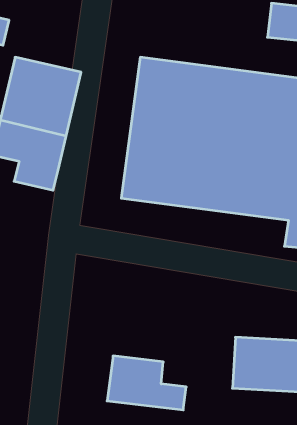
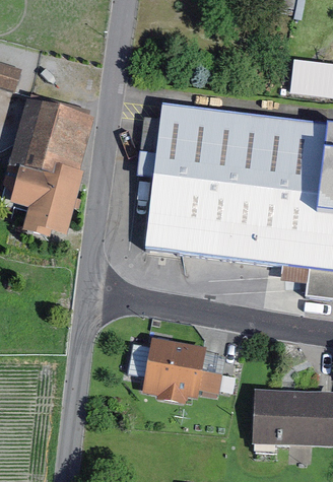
building: [107,356,186,410] -> [144,340,224,395]

